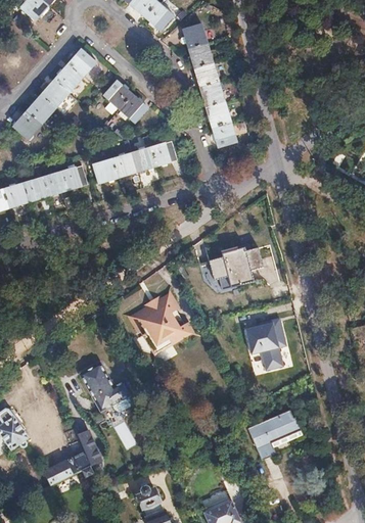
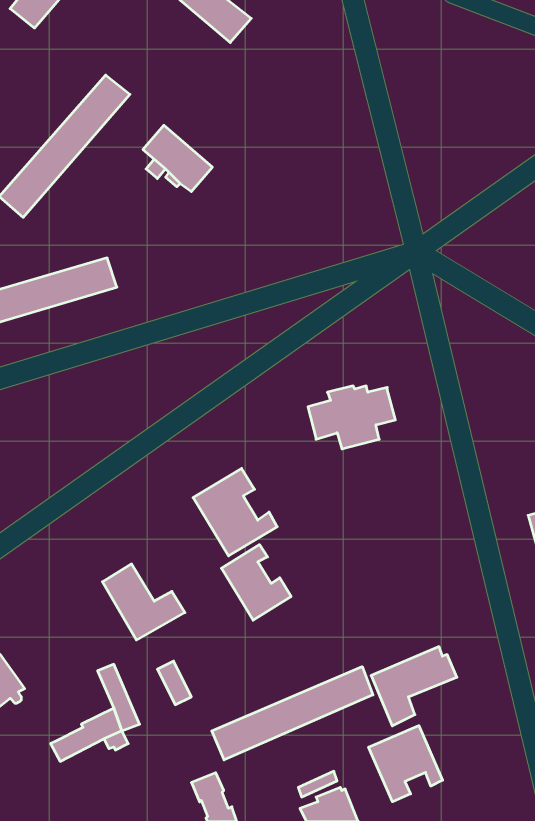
building: [184,21,236,145] -> none
building: [92,139,177,182] -> none
building: [242,318,284,369] -> none
building: none -> [221,545,291,620]
building: none -> [212,667,373,760]
building: none -> [369,726,443,802]

